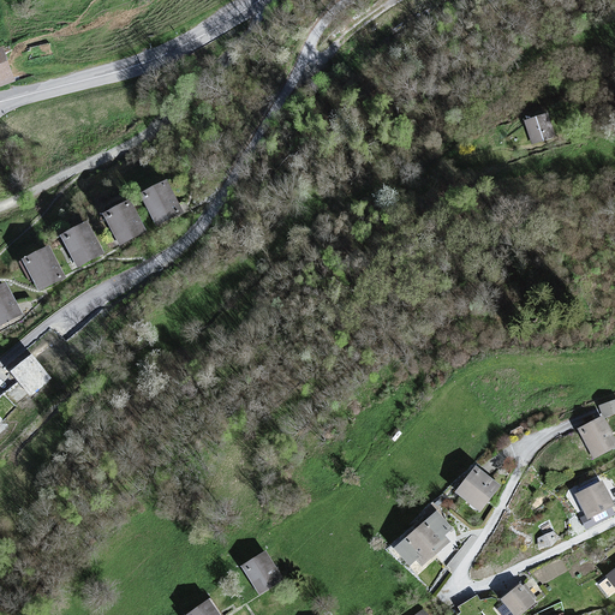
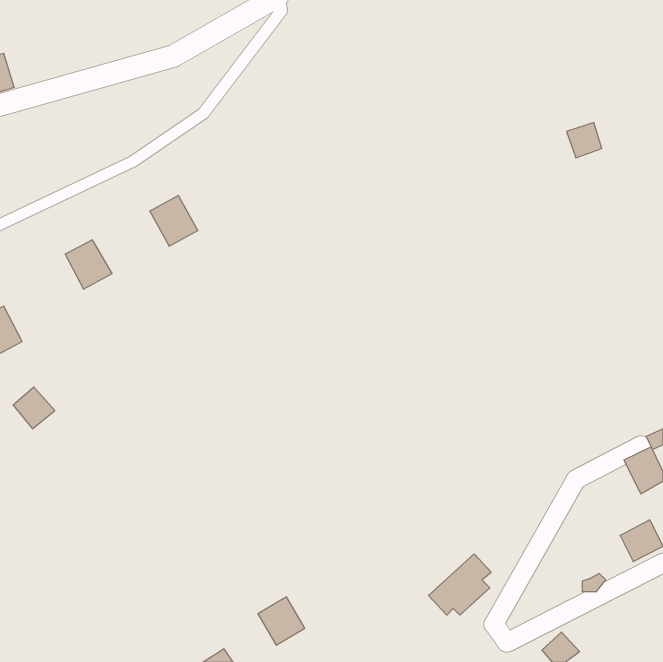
building: [102,198,145,245] -> none
building: [20,245,65,292] -> none
building: [456,467,502,513] -> none

